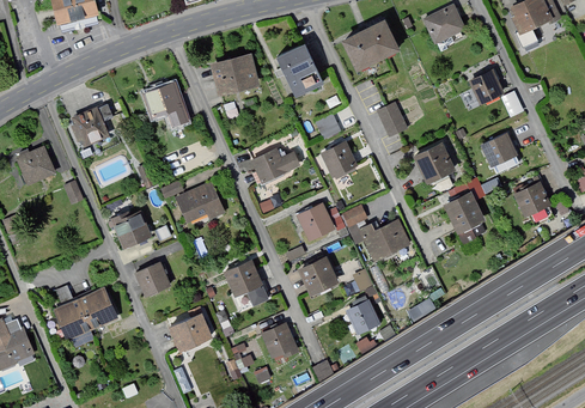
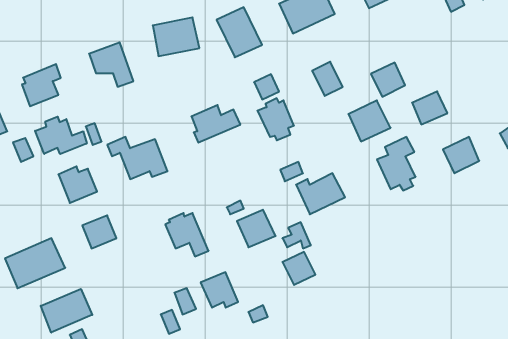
building: [469,68,505,104] -> [371,63,405,97]
building: none -> [35,117,87,154]
building: [297,203,343,242] -> none
building: [169,312,212,352] -> none
building: none -> [41,289,92,333]

